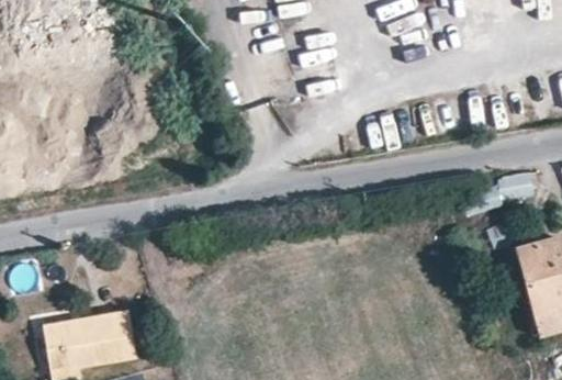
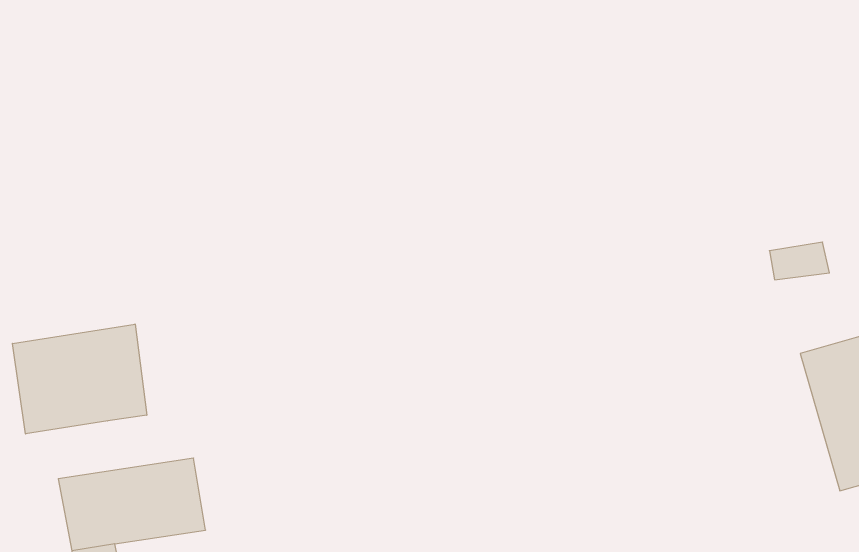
building: none -> [12,324,147,434]

